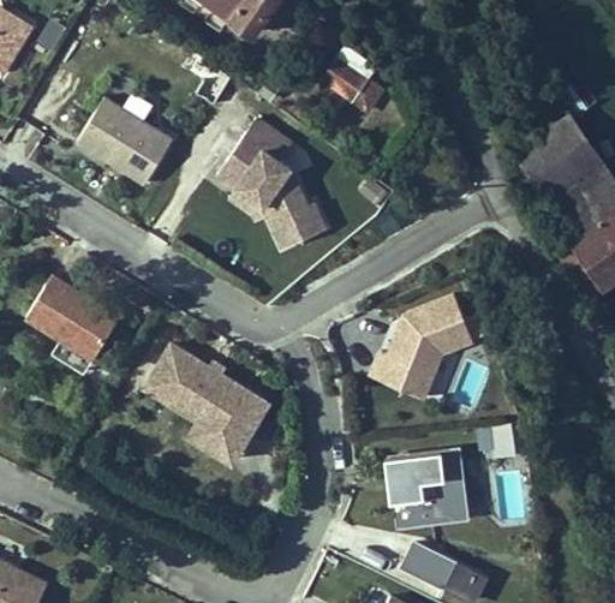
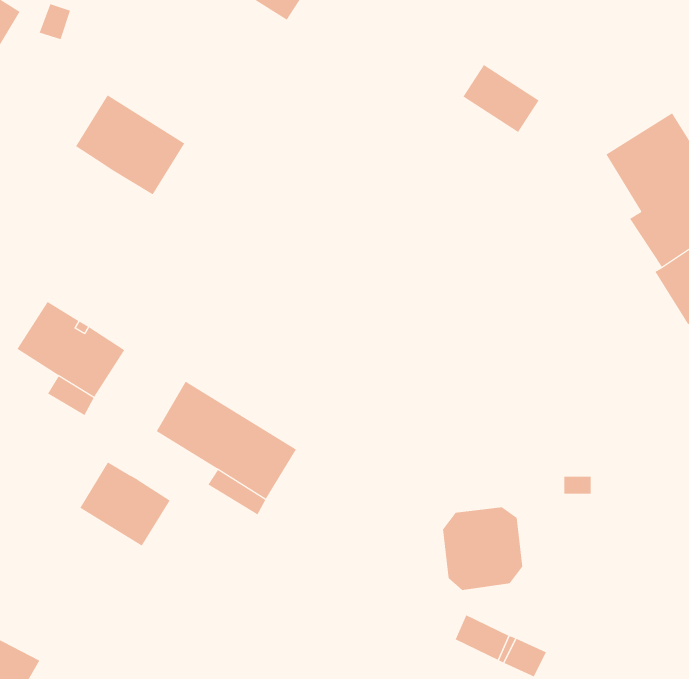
building: [326,56,392,115] -> [463,64,539,133]
building: [215,119,323,247] -> none
building: [371,294,472,399] -> none
building: none -> [79,462,171,547]

